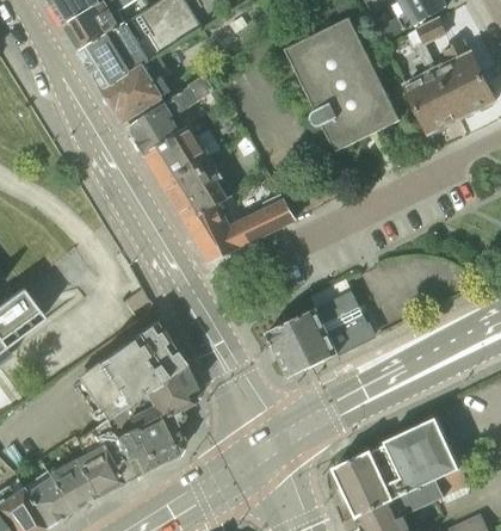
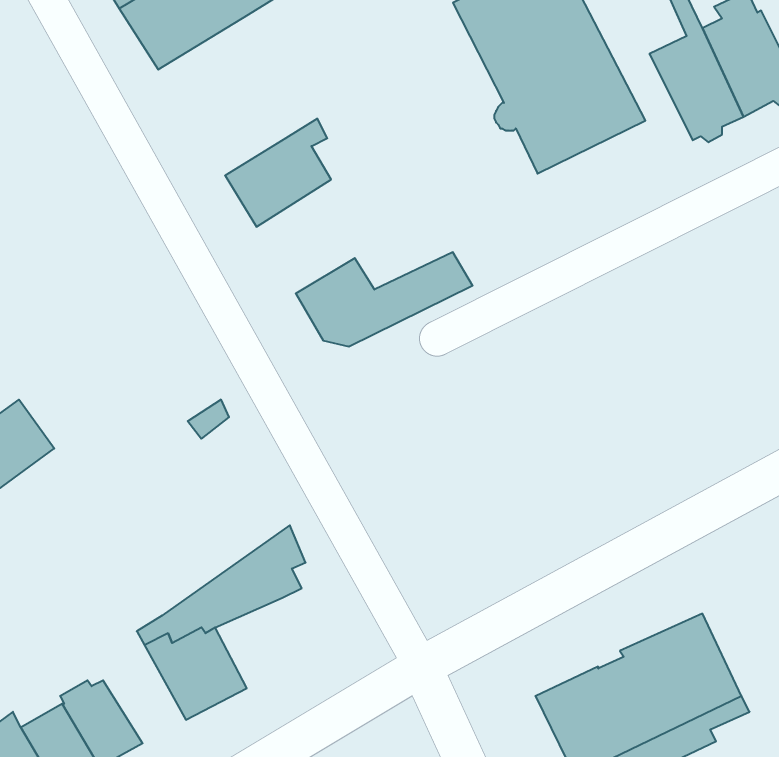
building: [105,56,172,121] -> none
building: [130,75,216,154] -> none
building: [165,156,234,226] -> none
building: [267,292,375,378] -> none
building: [73,321,185,421] -> none
building: [140,410,183,465] -> none
building: [72,431,122,499] -> none

